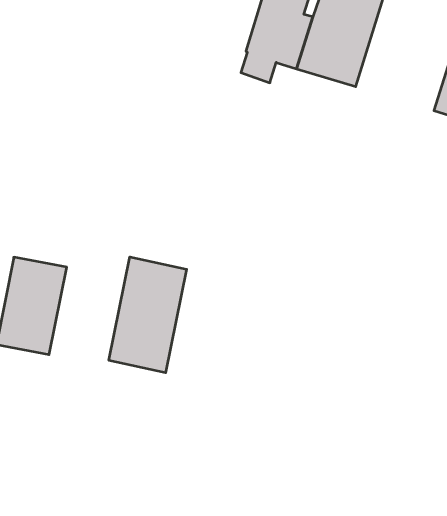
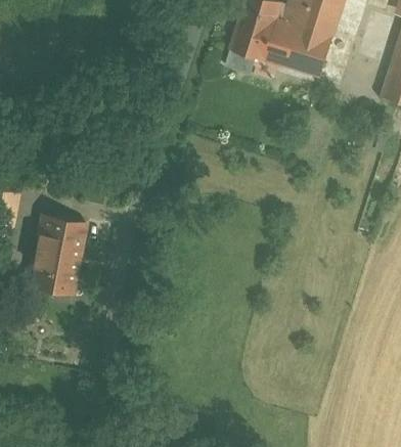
building: [109,257,187,373] -> none

